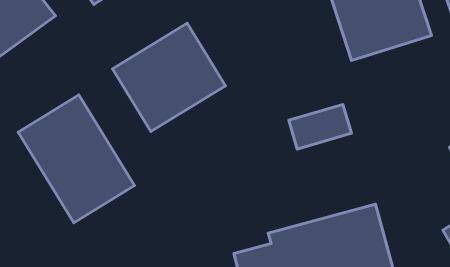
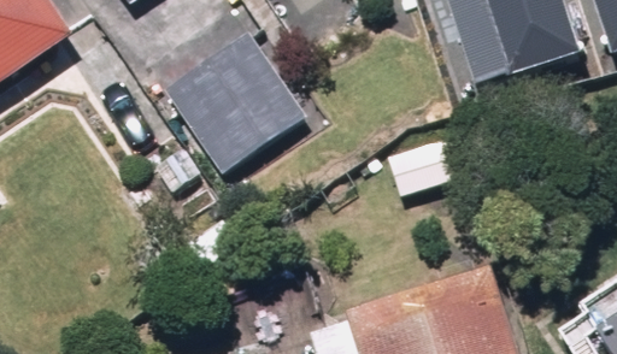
building: [18,95,135,223] -> none

